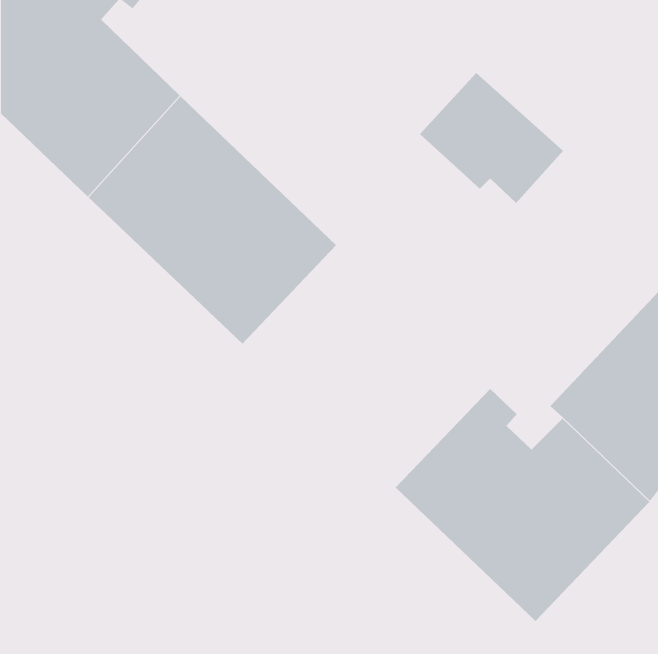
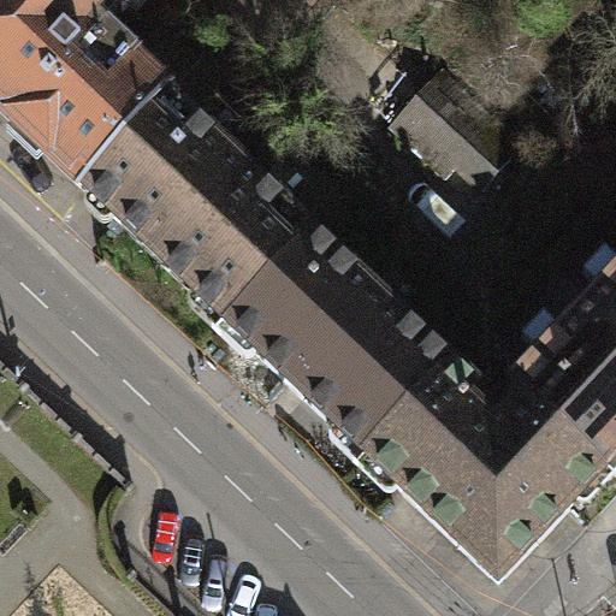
building: none -> [227,229,458,455]

